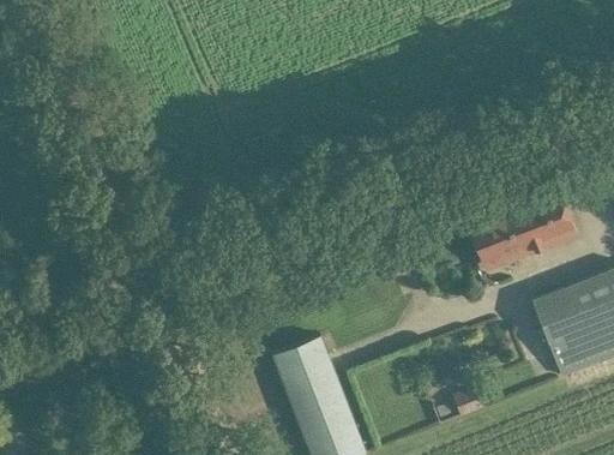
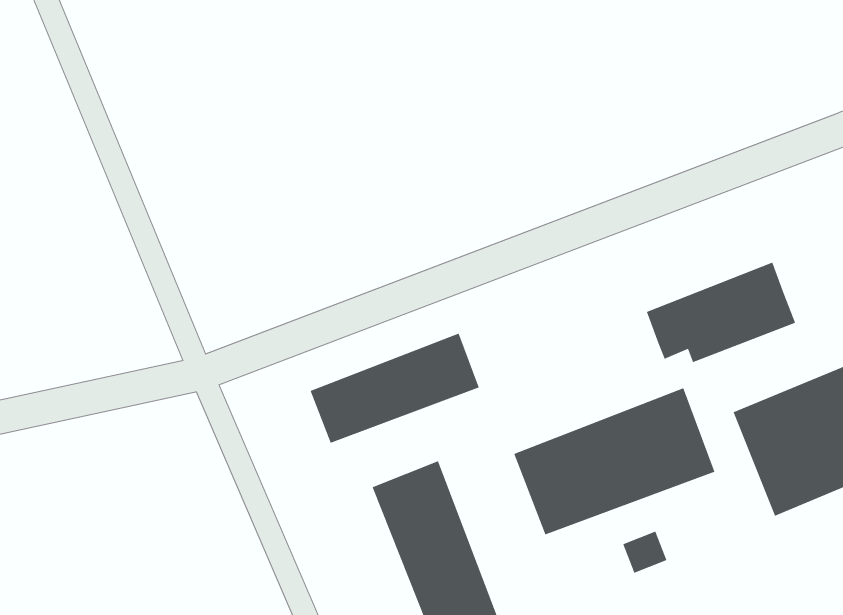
building: none -> [309,332,480,444]
building: none -> [513,387,715,536]

